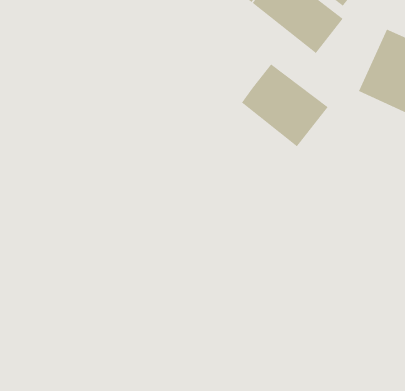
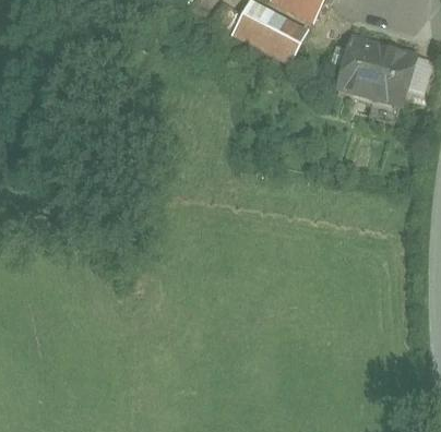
building: [241,63,328,147] -> none

